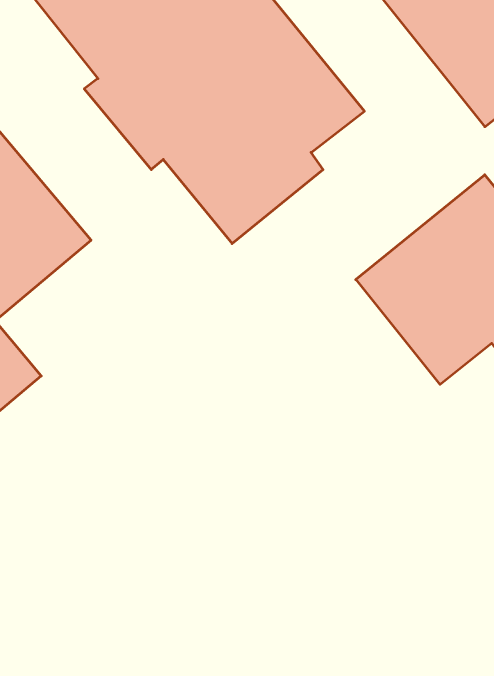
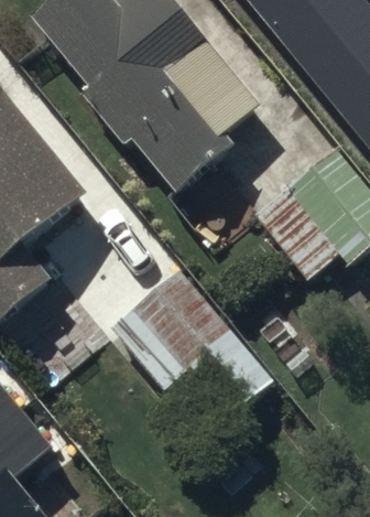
building: none -> [112,268,263,394]

